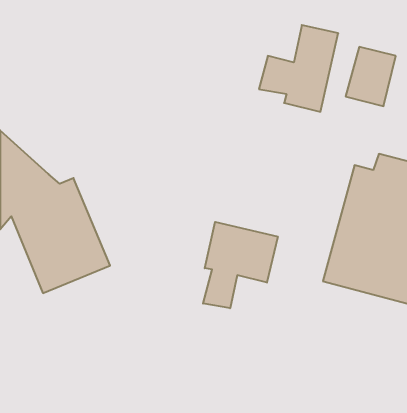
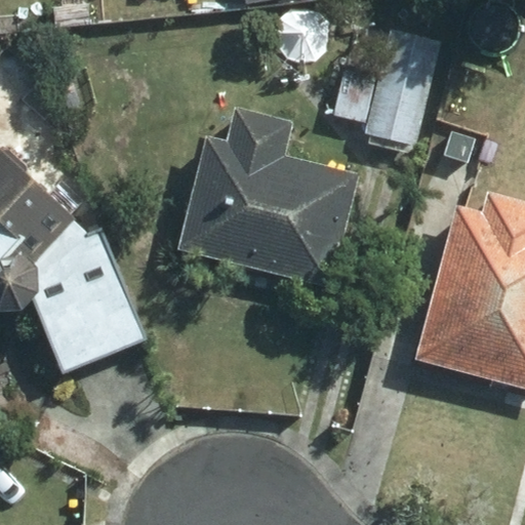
building: none -> [178,112,349,280]
building: [203,222,278,308] -> none

